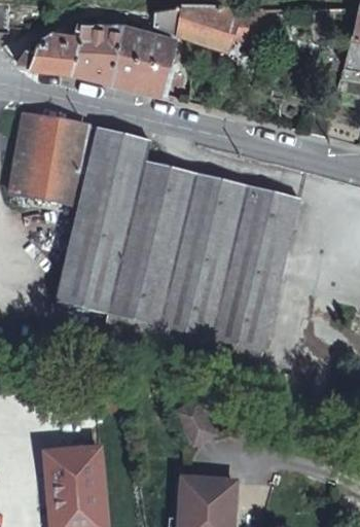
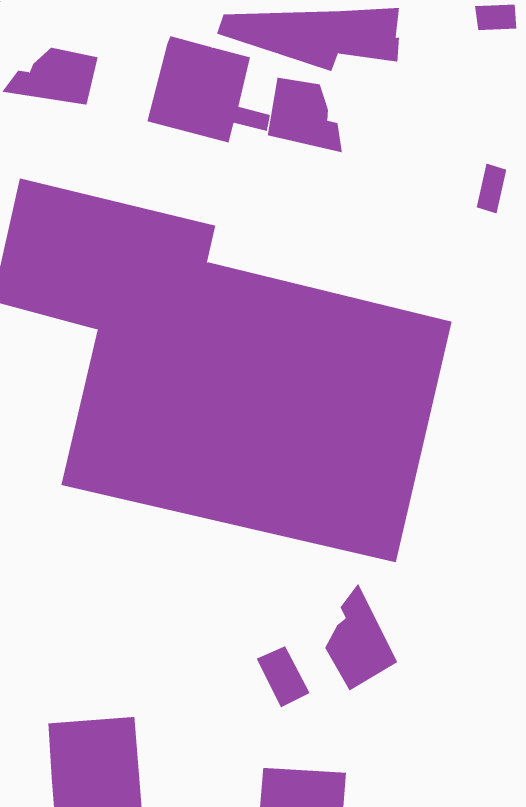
building: [71,23,120,78] -> none
building: none -> [267,77,343,153]
building: none -> [325,583,398,691]

